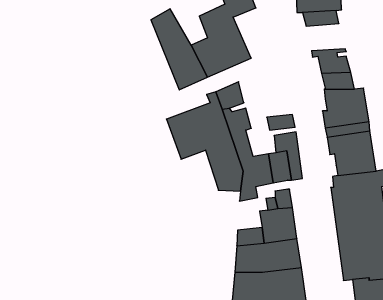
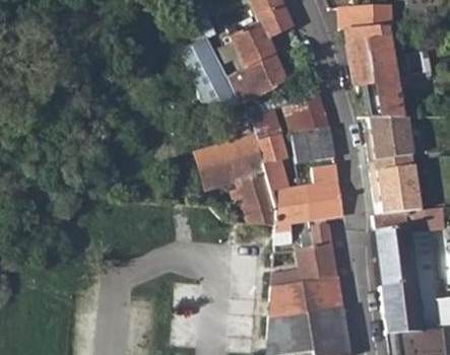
building: none -> [348,42,392,72]
building: none -> [281,89,330,134]

